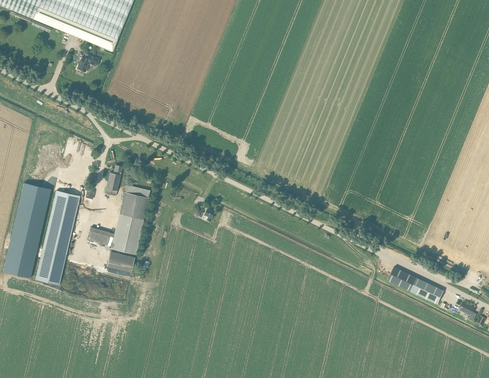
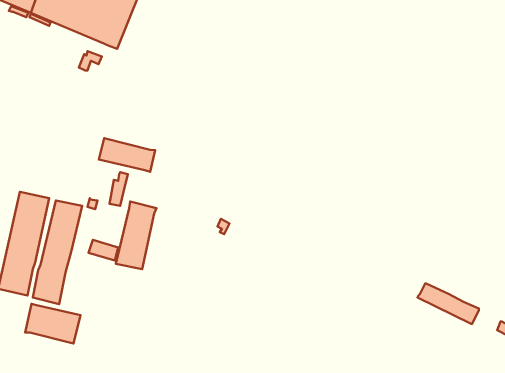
building: none -> [99,138,155,172]
building: [107,250,135,272] -> none
building: none -> [25,304,81,343]

